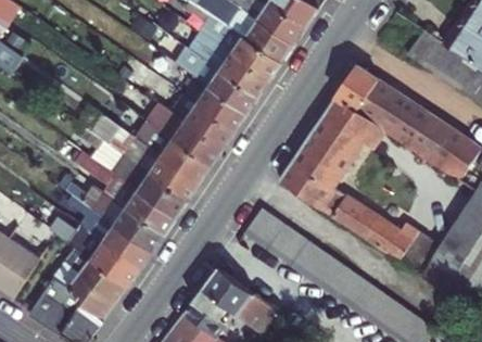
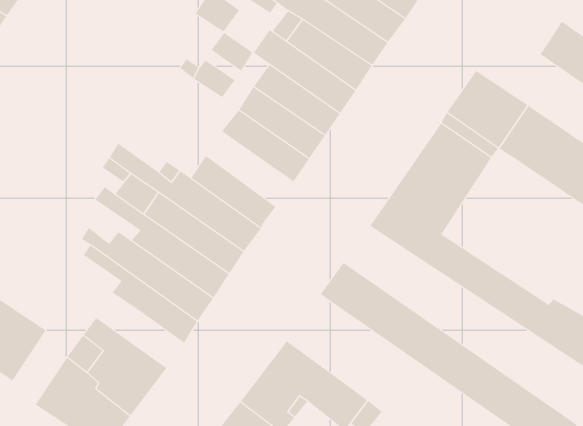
building: [149,104,224,166] -> none
building: [50,217,142,287] -> none

